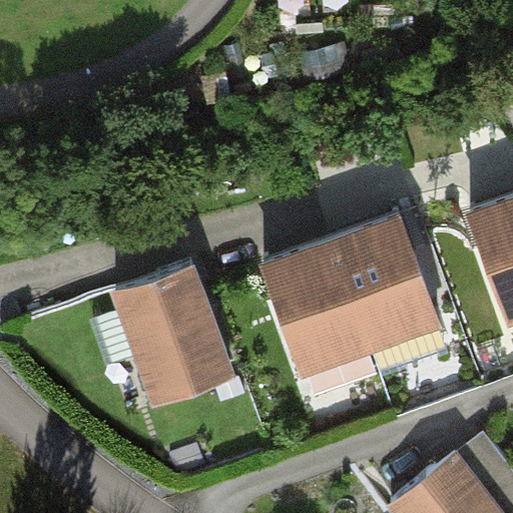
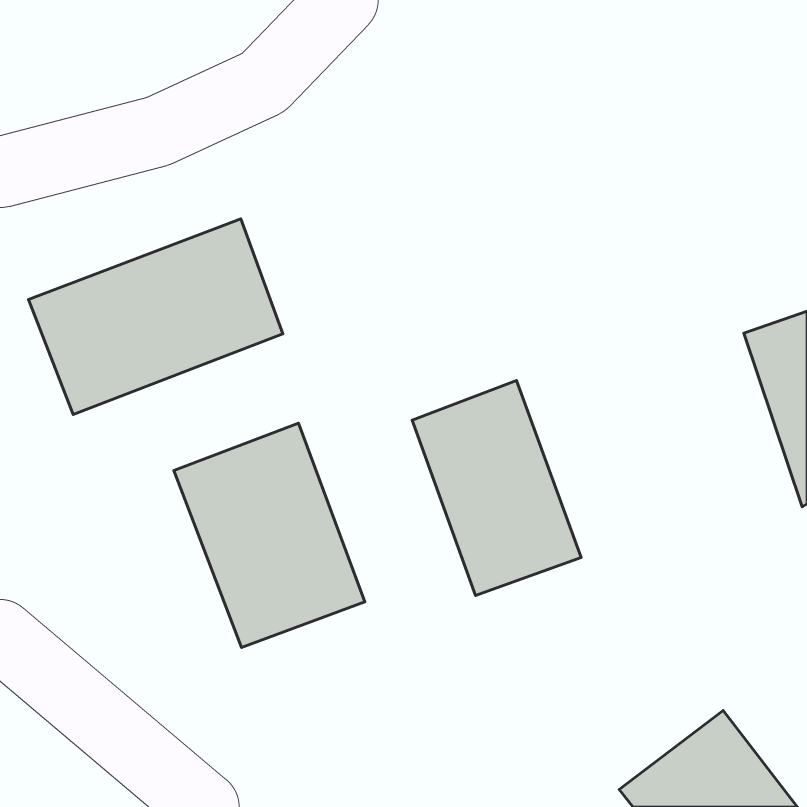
building: none -> [28,219,283,415]
building: [328,217,436,354] -> none

